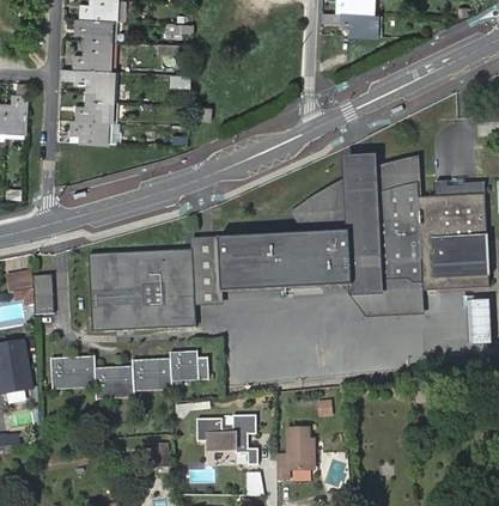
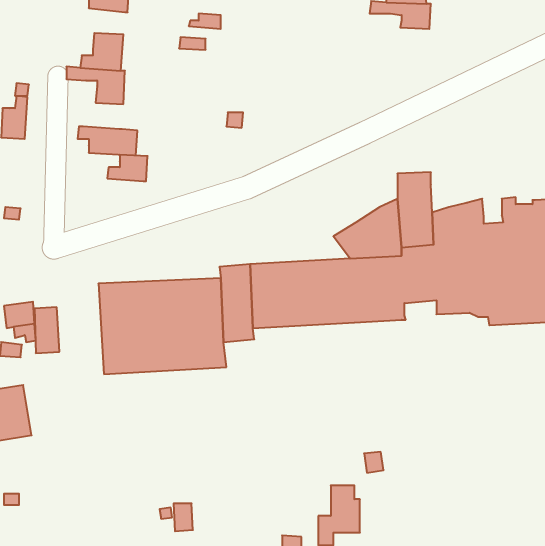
building: [74,17,110,39] -> none
building: [74,98,109,121] -> [107,155,148,181]
building: [373,158,418,193] -> none
building: [348,268,424,316] -> none
building: [50,352,208,400] -> none
building: [197,414,258,463] -> none

